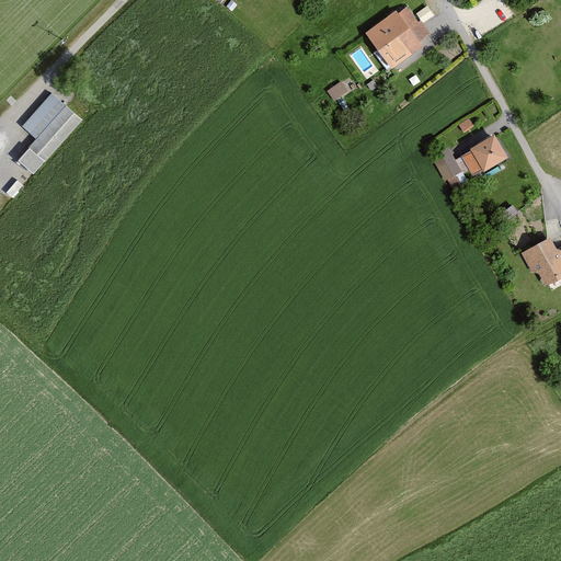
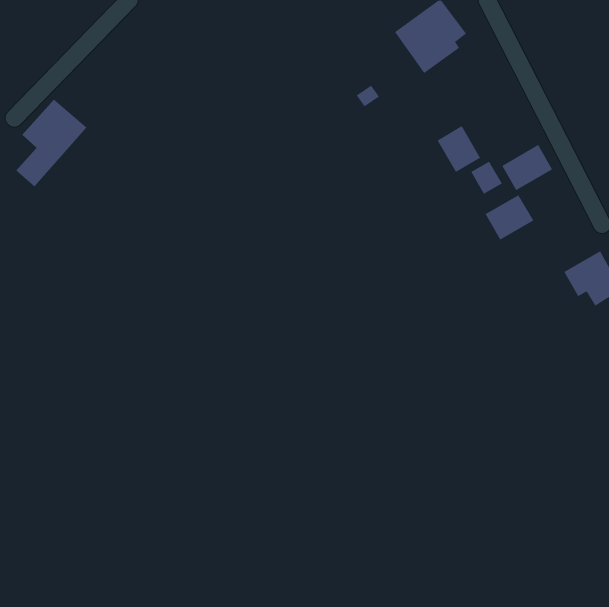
building: none -> [437,125,481,173]
building: none -> [485,194,534,240]

